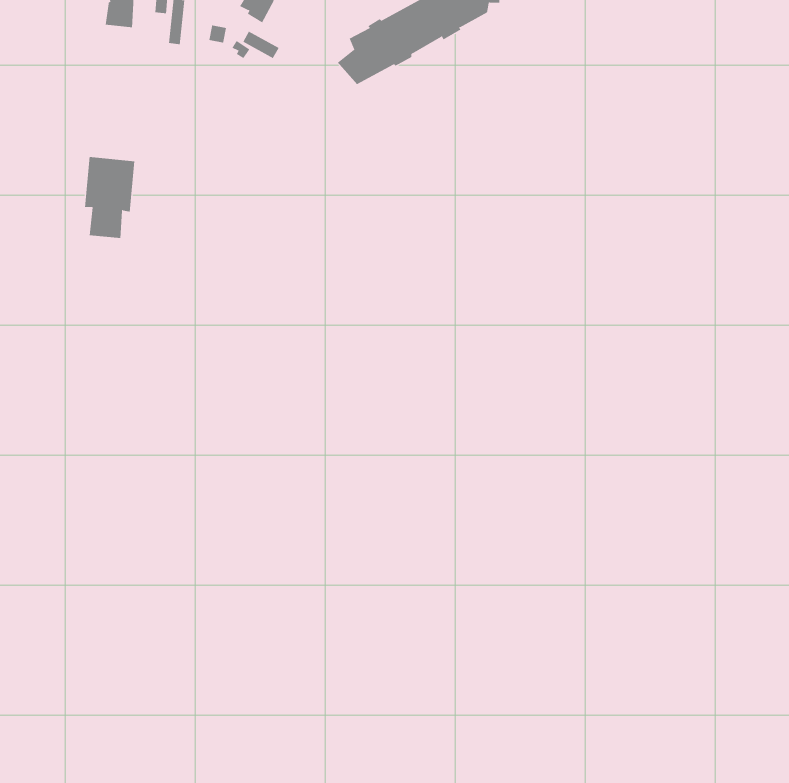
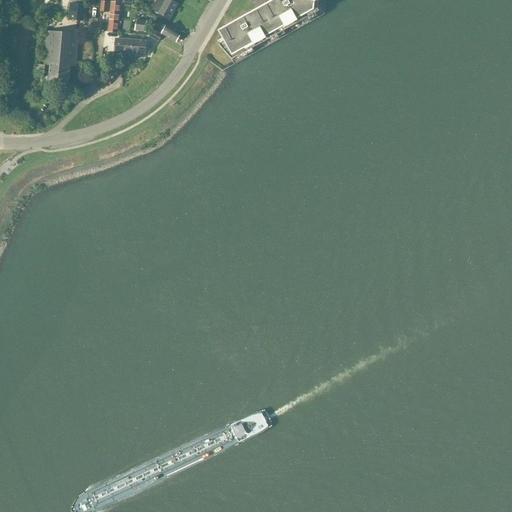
building: none -> [115,35,146,52]
building: [84,157,135,238] -> [45,27,78,80]

